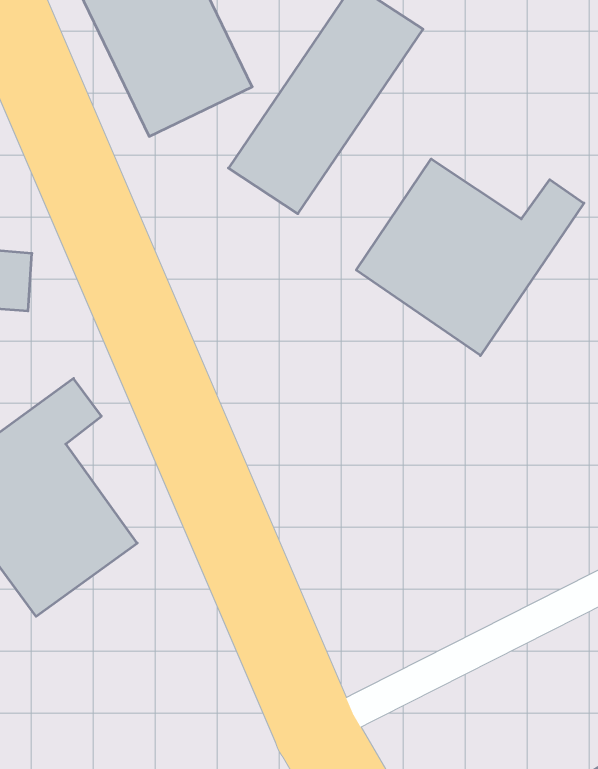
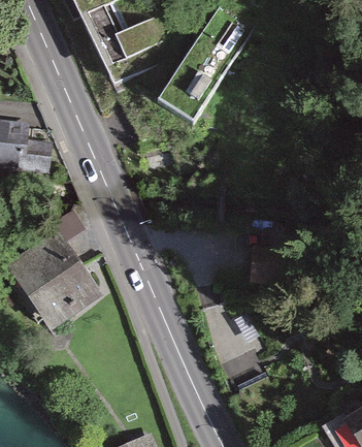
building: [356,159,584,356] -> none

